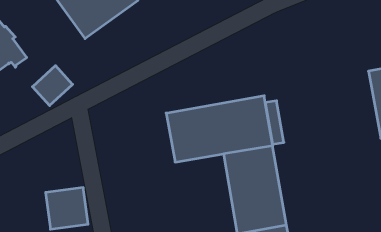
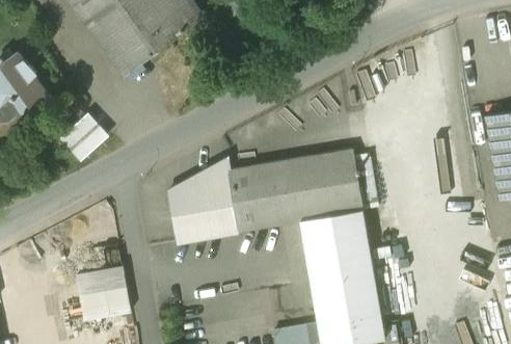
building: none -> [168,159,239,242]

